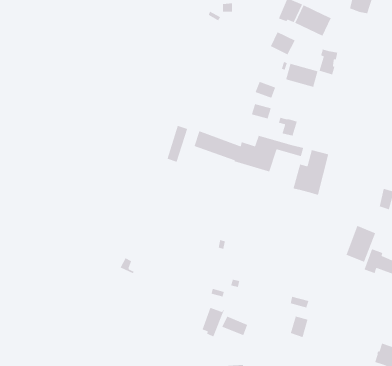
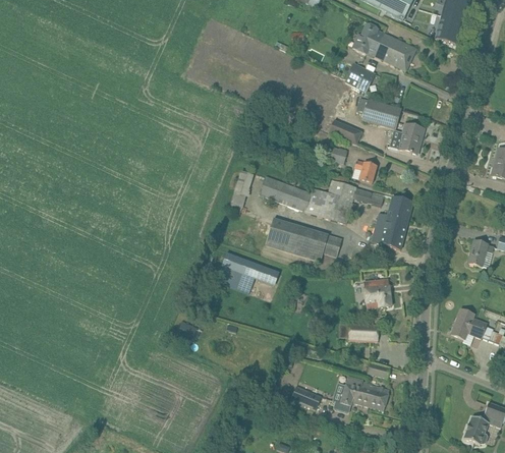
building: [318,49,338,76] -> [400,123,423,154]
building: none -> [265,217,342,261]
building: none -> [216,251,279,293]
building: none -> [363,278,391,306]
building: [345,225,376,263] -> none
building: none -> [348,323,378,340]
building: none -> [333,375,374,411]
building: [201,307,225,337] -> none

